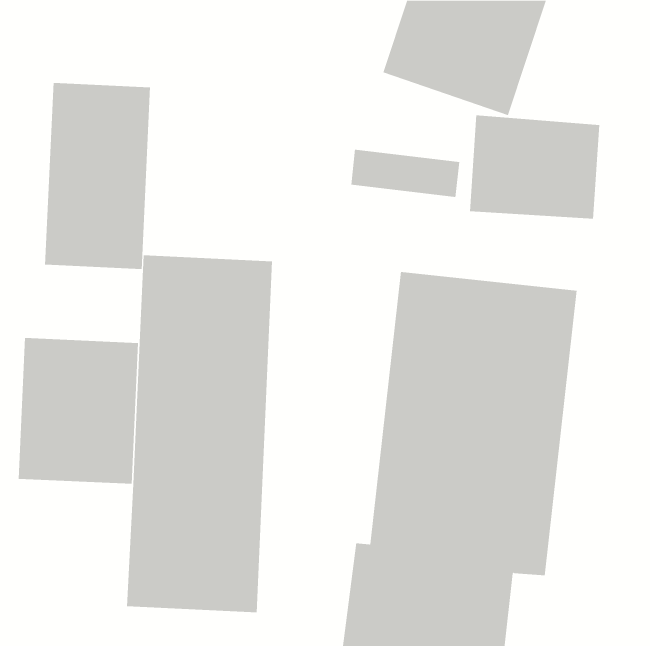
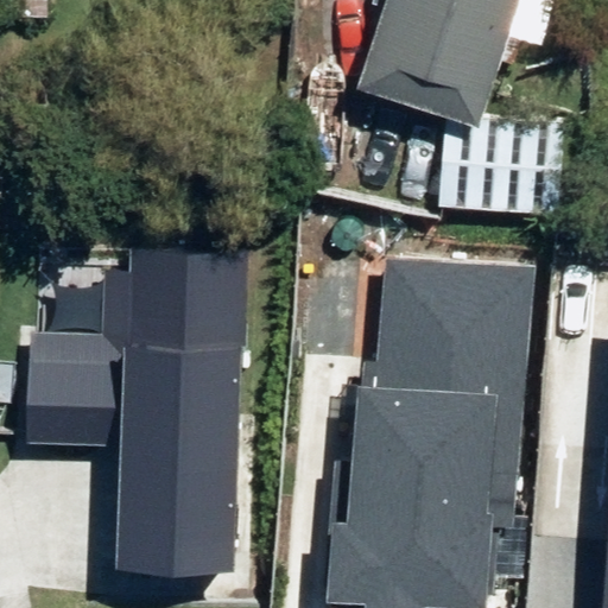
building: [44,82,151,270] -> none

